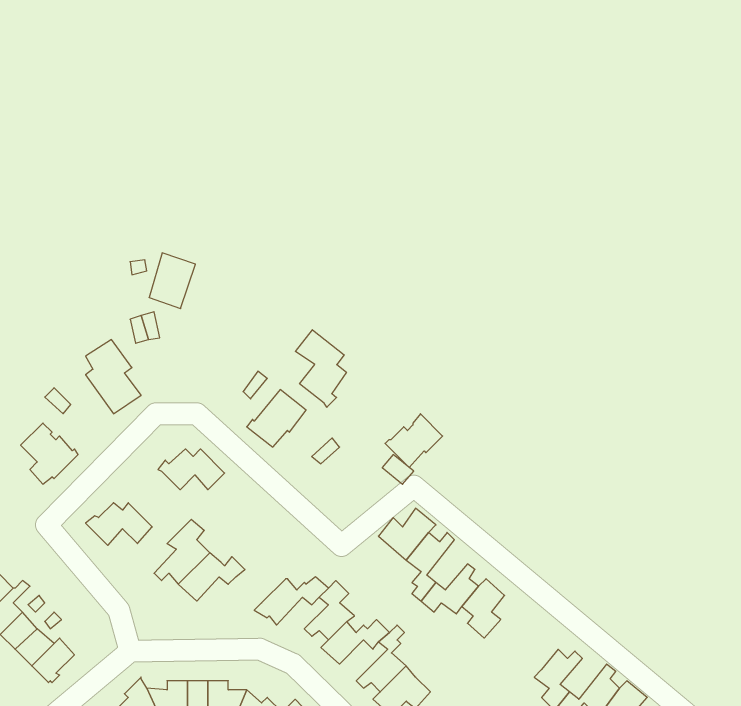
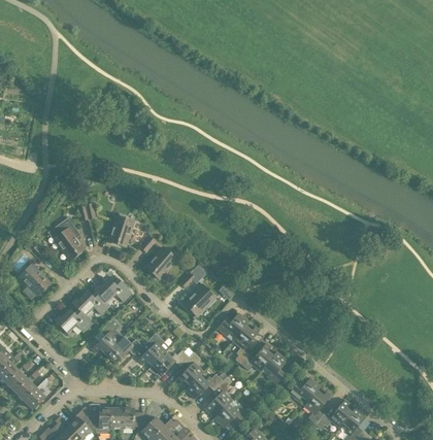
building: [149,253,195,309] -> [109,215,135,246]
building: [295,330,346,407] -> none
building: [385,414,443,468] -> [184,285,215,315]
building: none -> [72,292,110,315]
building: none -> [138,334,170,365]
building: none -> [289,377,321,402]

